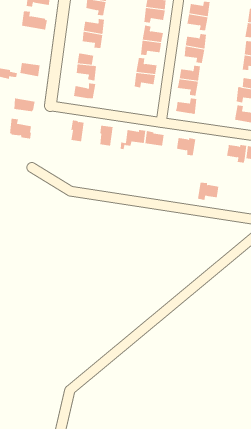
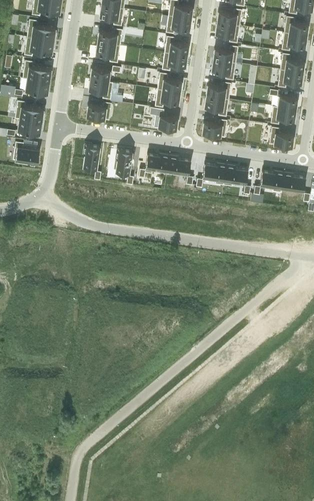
building: none -> [24,36,55,56]
building: none -> [22,59,51,81]
building: none -> [15,100,45,122]
building: none -> [149,106,178,129]
building: [197,182,219,201] -> [223,165,248,186]

